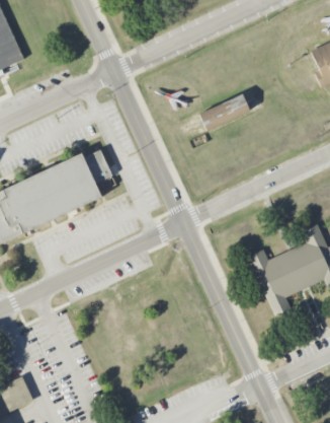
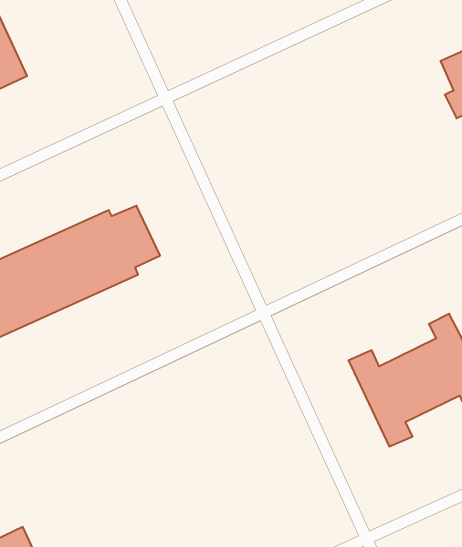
building: [198,95,250,132] -> none

